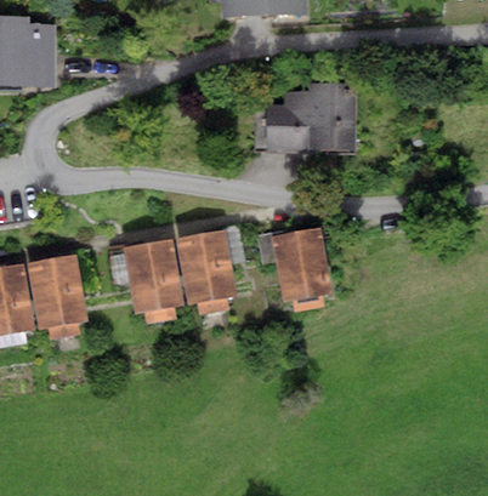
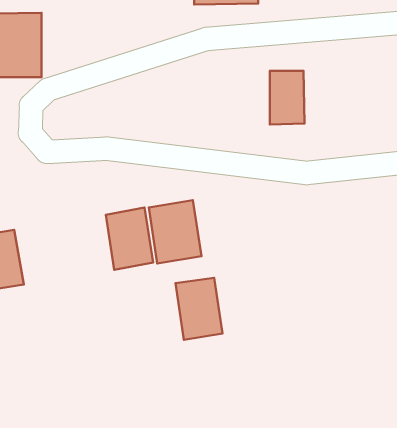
building: [266,93,314,146] -> none
building: [273,229,328,301] -> [175,278,223,340]
building: [24,256,86,329] -> none

